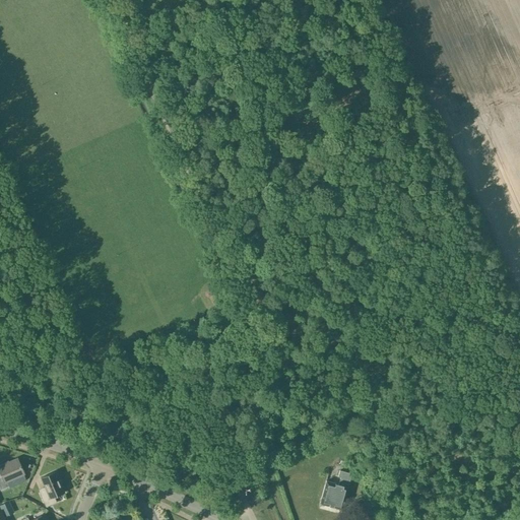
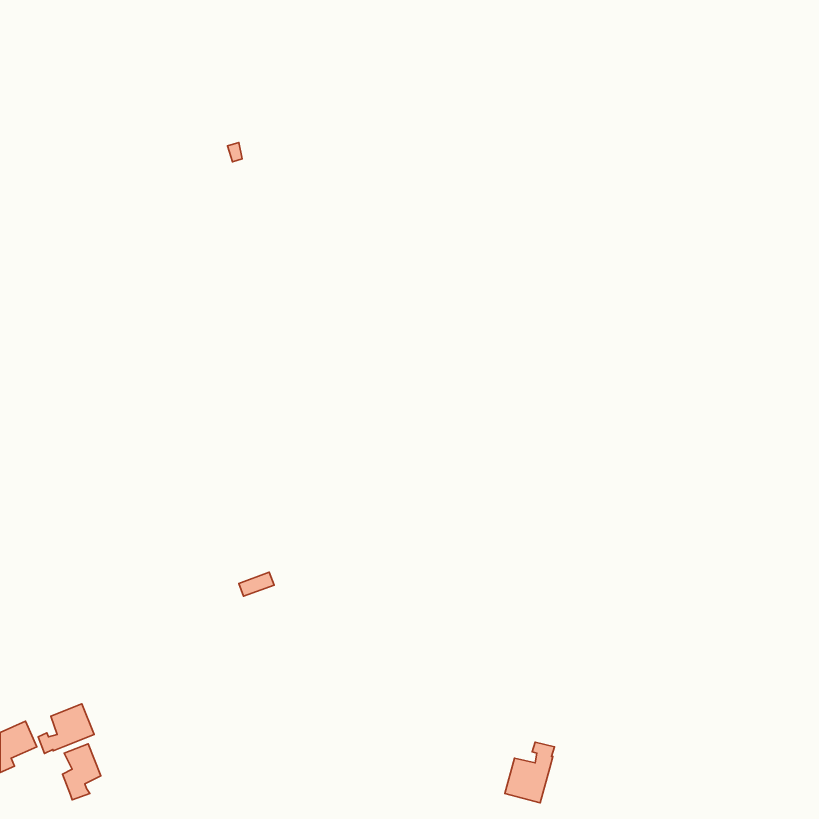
building: none -> [38,704,94,753]

